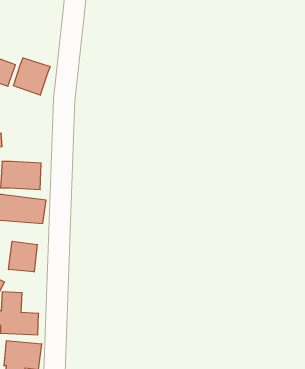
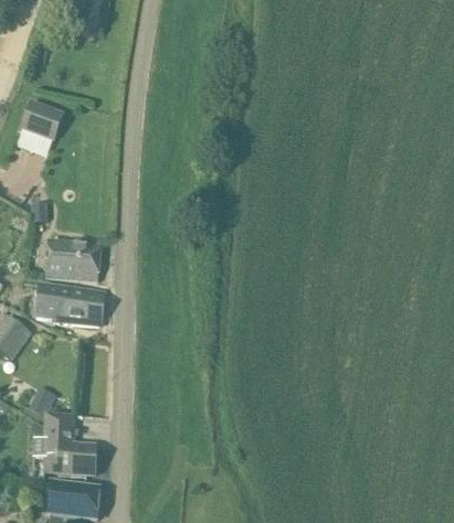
building: [13,58,50,95] -> none
building: [9,241,37,272] -> none

